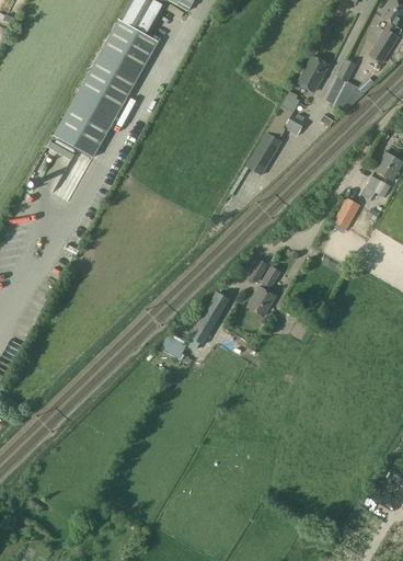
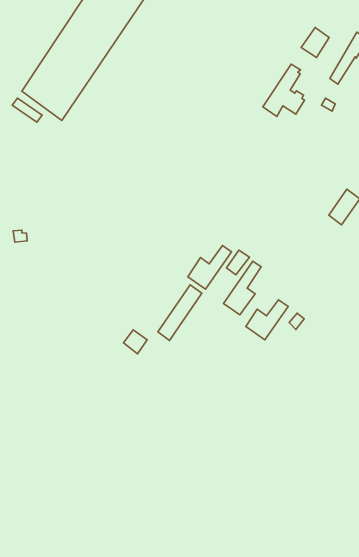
building: [246,133,283,175] -> none
building: none -> [188,246,231,289]
building: none -> [246,300,288,340]

